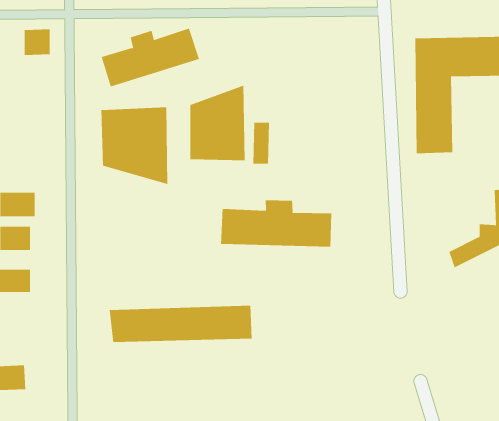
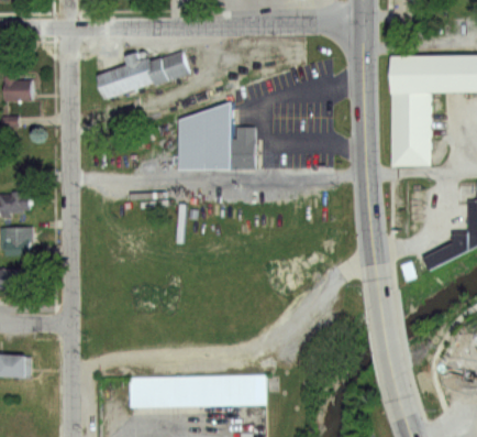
building: [24,29,51,56] -> [7,79,32,105]
building: [101,106,168,185] -> none
building: [220,199,332,248] -> none
building: [109,305,252,342] -> [127,373,263,408]

